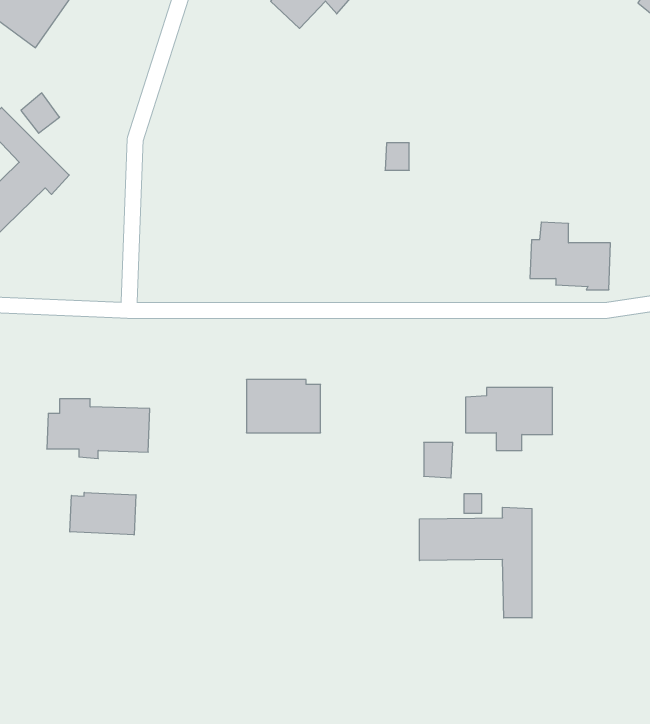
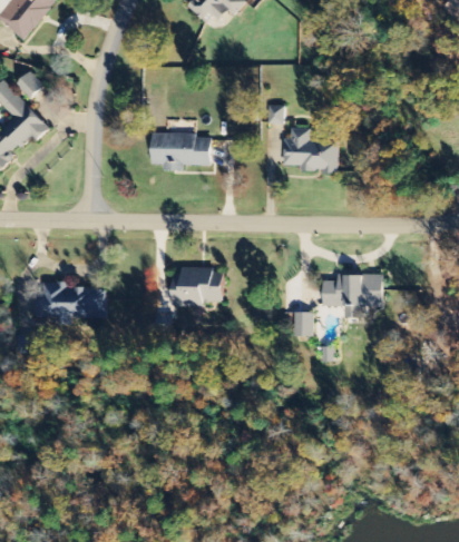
building: none -> [149,131,211,168]
building: [530,222,610,290] -> [283,125,339,171]
building: [70,492,136,535] -> none
building: [420,507,532,618] -> none

